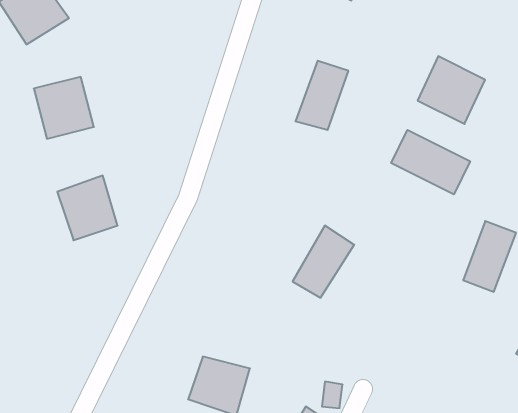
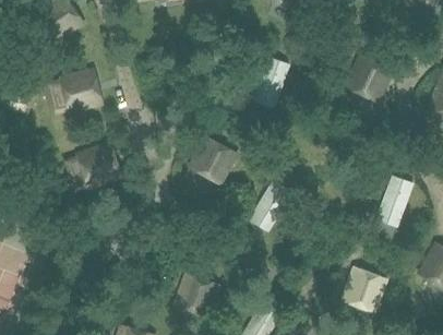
building: [391,130,470,194] -> none
building: none -> [184,135,236,184]
building: none -> [340,268,384,312]

